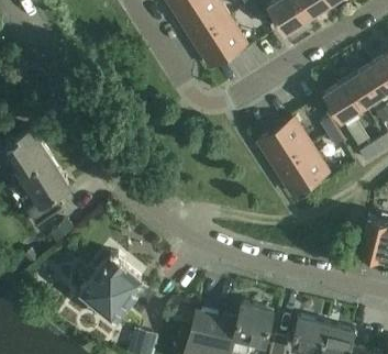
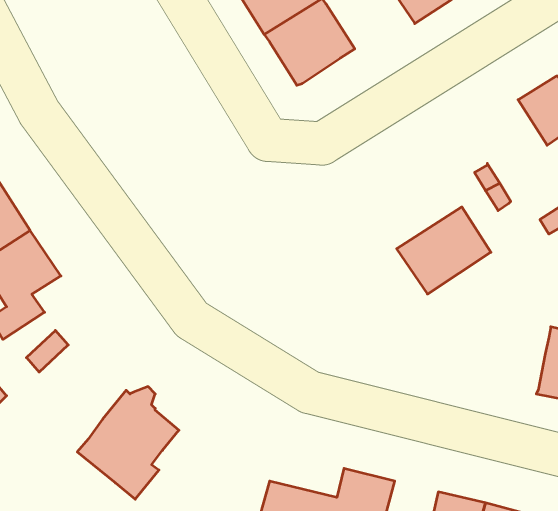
building: [323,79,365,121] -> none
building: [256,117,313,169] -> none

